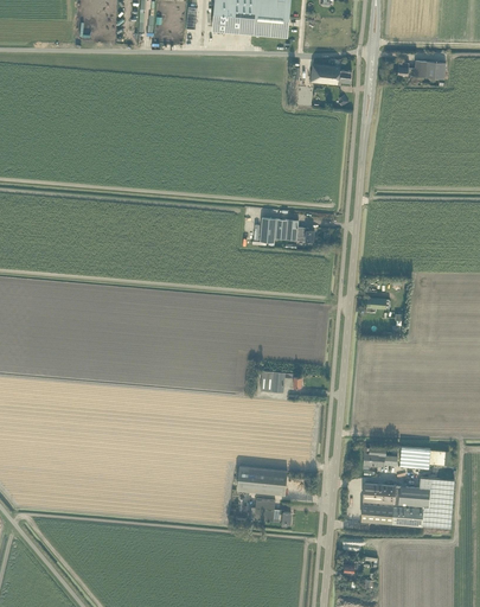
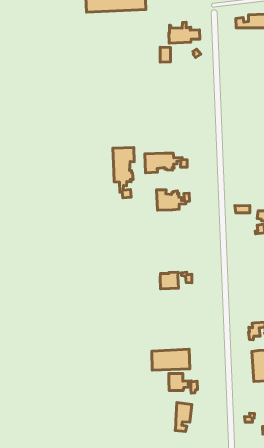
building: none -> [113,147,134,198]
building: none -> [157,190,189,210]
building: none -> [175,403,192,432]

